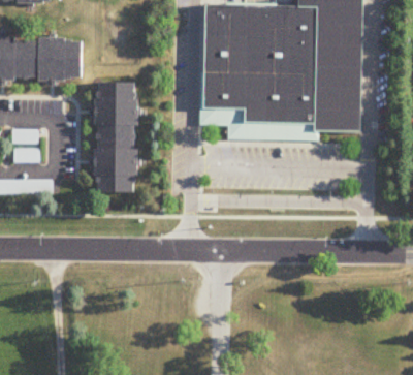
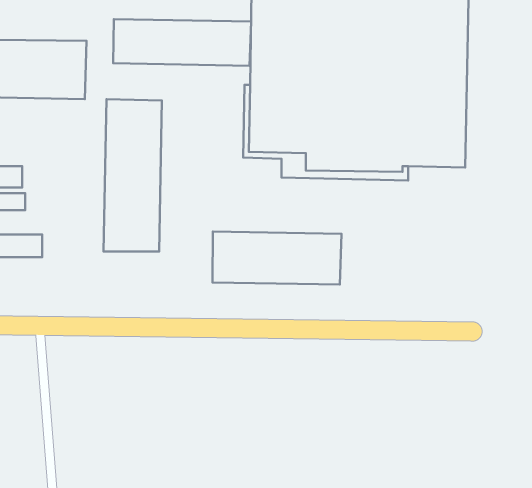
building: none -> [113,19,251,66]
building: none -> [212,232,342,285]

